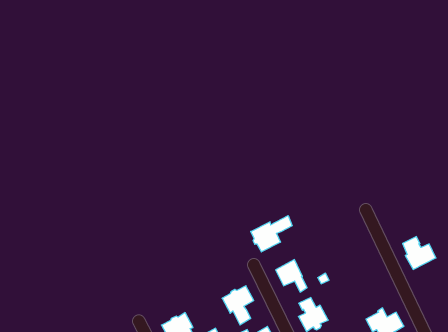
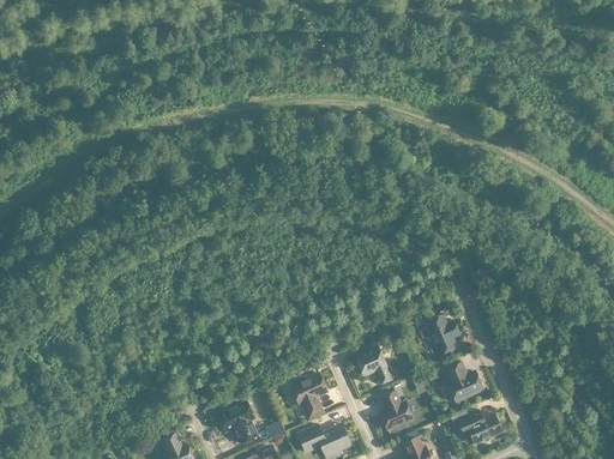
building: [251,216,292,252] -> none
building: none -> [421,314,459,355]
building: [403,237,436,269] -> [445,362,483,400]

